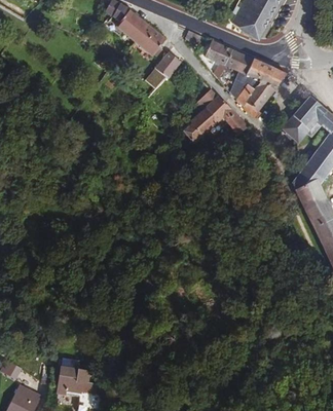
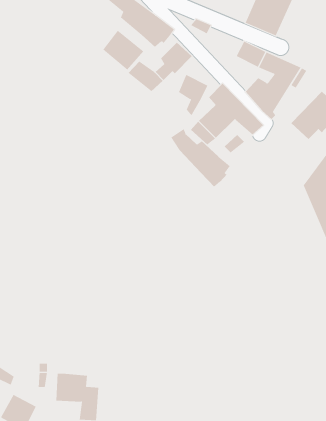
building: [206,39,233,78] -> [178,74,208,116]
building: none -> [102,30,144,70]
building: none -> [171,128,231,187]

